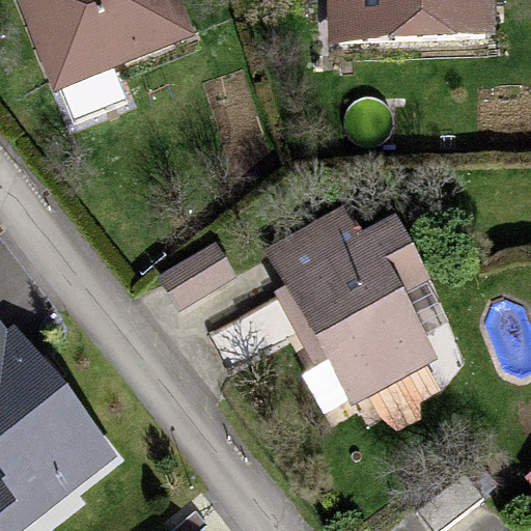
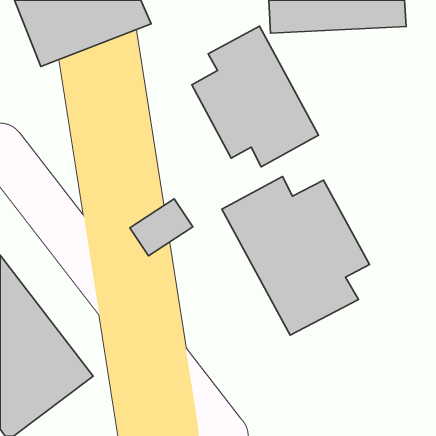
building: none -> [192,26,318,167]

